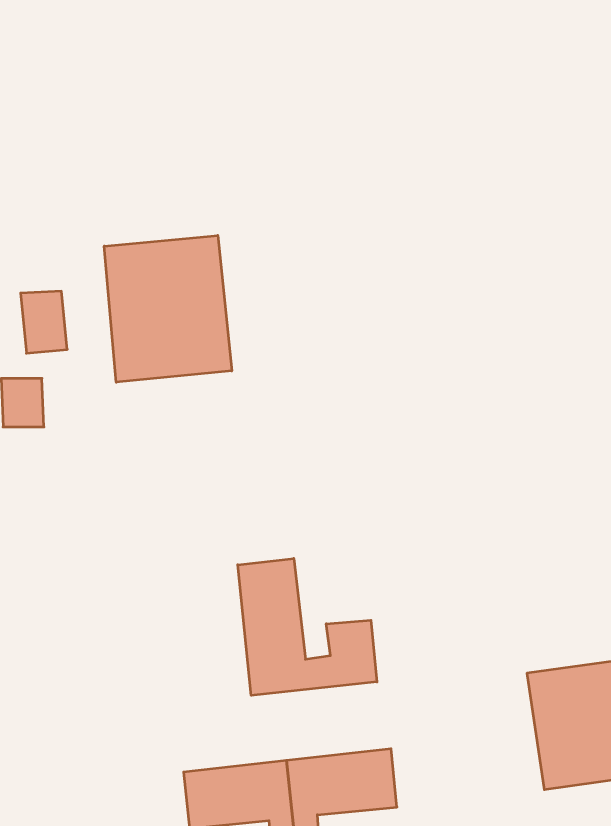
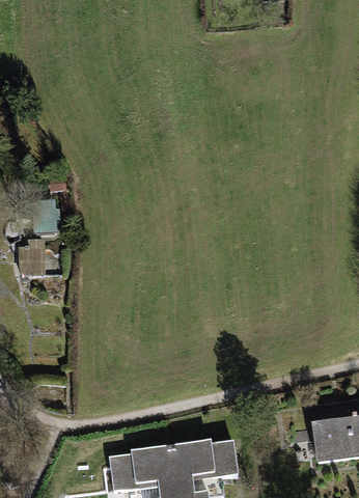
building: [104,235,232,382] -> none
building: [238,558,377,695] -> none

